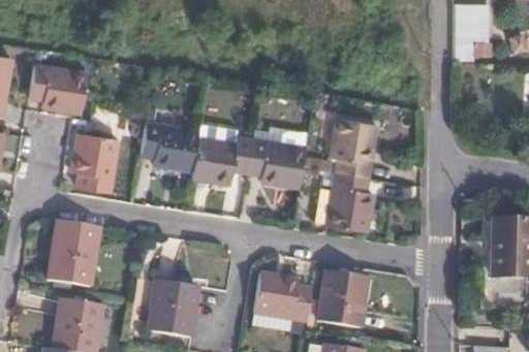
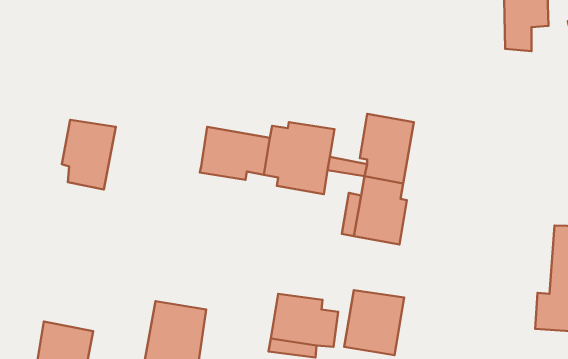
building: [31,64,89,113] -> none
building: [139,117,200,164] -> none
building: [49,220,101,287] -> none

